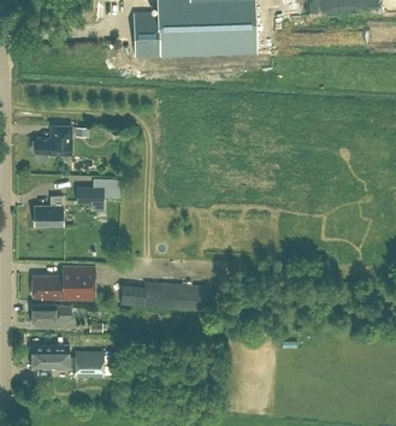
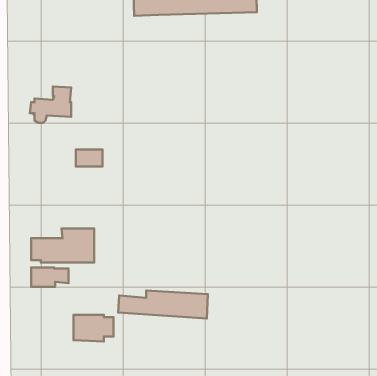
building: [34,195,61,225] -> none
building: [119,283,208,310] -> [118,291,208,318]
building: [31,344,67,368] -> none

